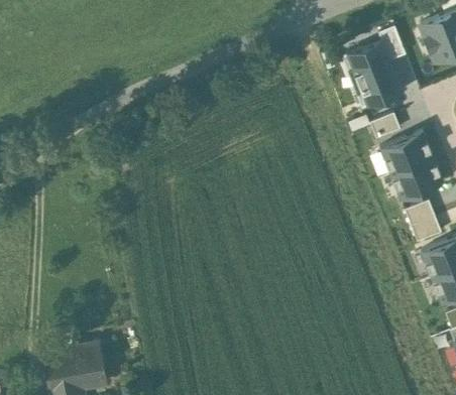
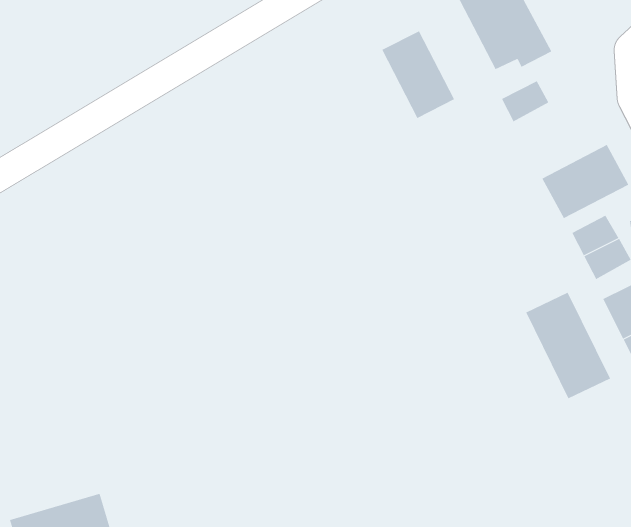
building: none -> [381,30,455,119]
building: [378,131,432,174] -> none
building: none -> [525,292,611,399]

